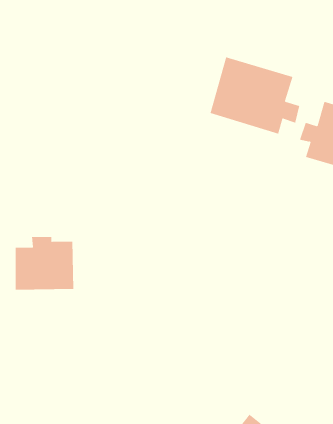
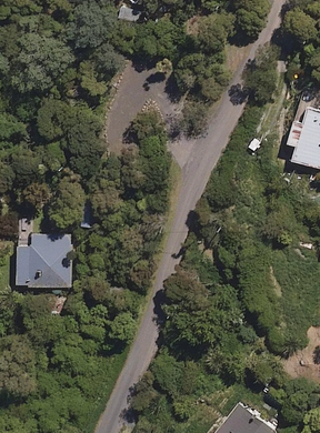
building: [210,56,300,134] -> none

